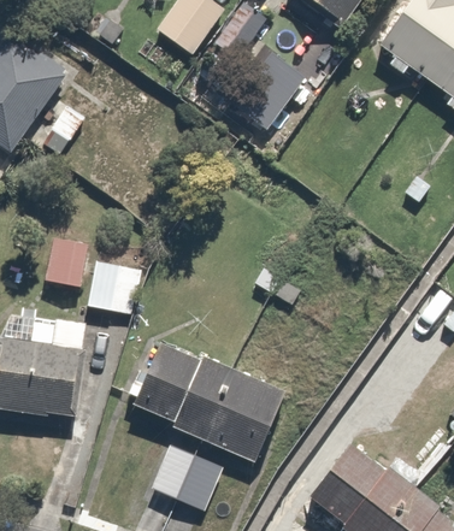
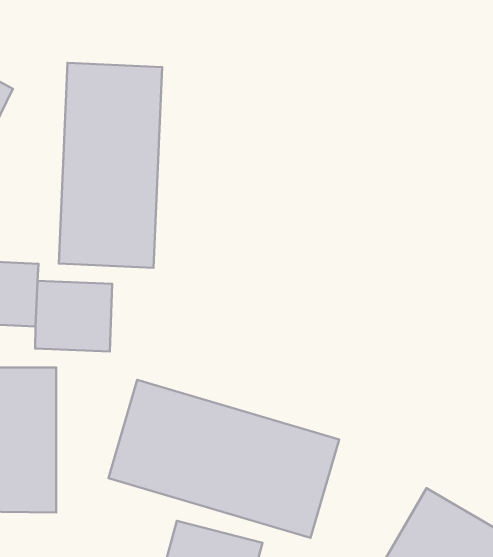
building: none -> [59,63,162,268]

